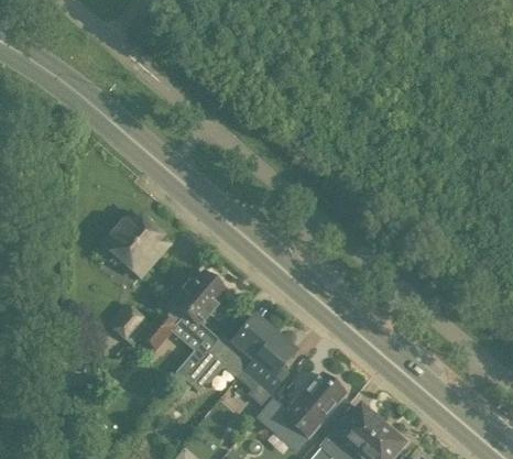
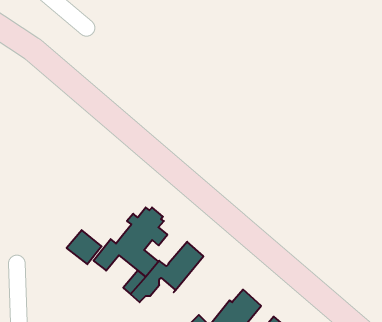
building: [103,214,167,277] -> none
building: [237,334,296,407] -> none

